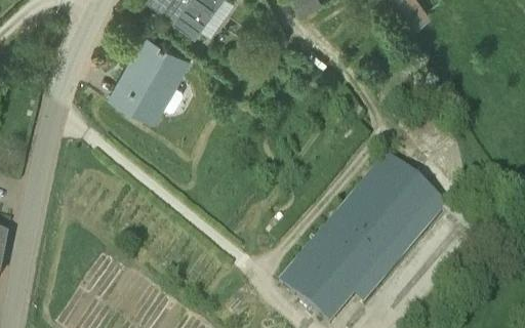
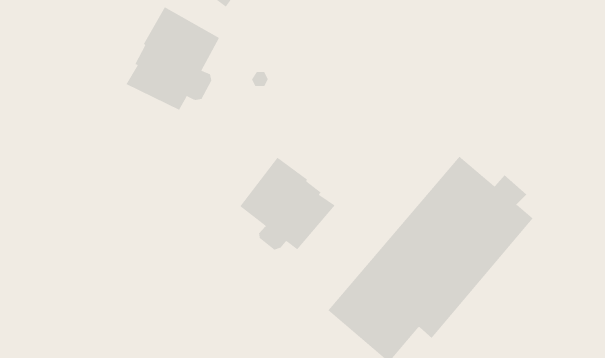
building: none -> [240,157,335,250]

